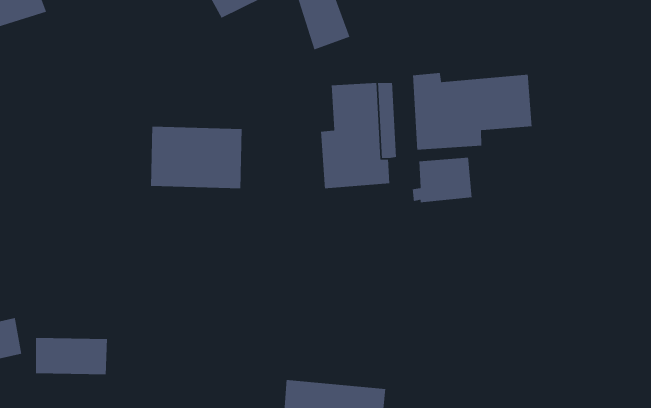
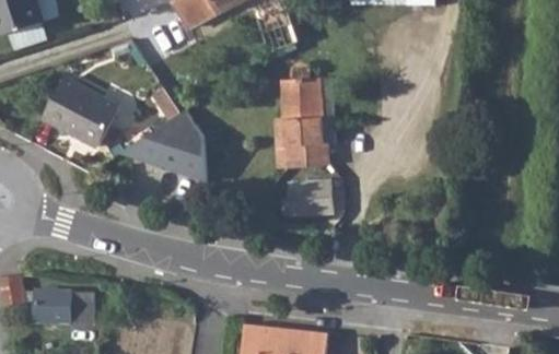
building: [412,72,533,151] -> none
building: none -> [40,74,123,149]
building: [412,157,473,203] -> [281,179,331,217]

